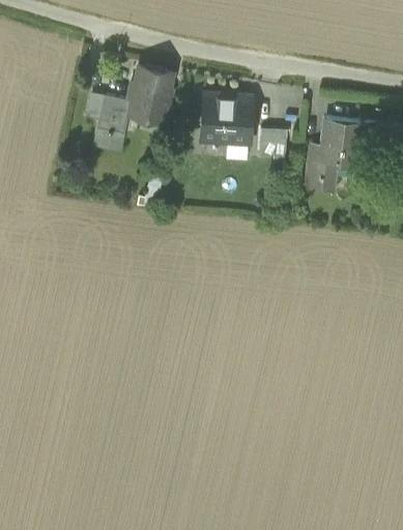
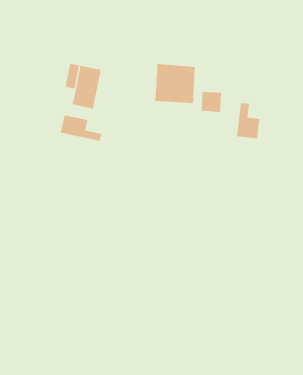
building: [131,66,173,119] -> none
building: [322,118,363,166] -> none
building: none -> [60,114,102,142]

